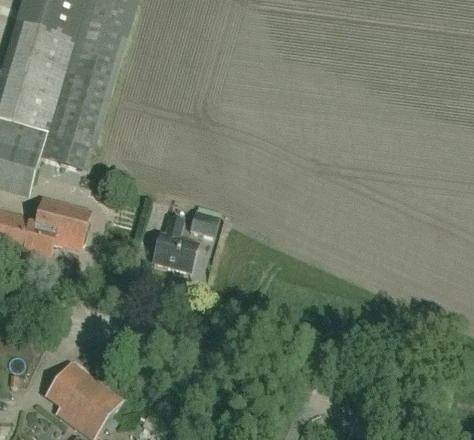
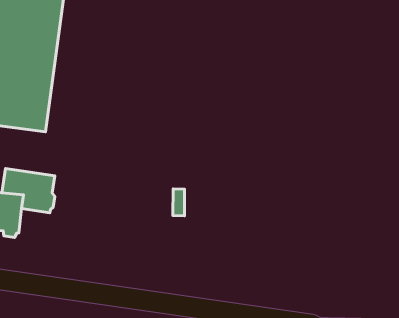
building: [189,209,219,235] -> none
building: [152,216,196,271] -> none

